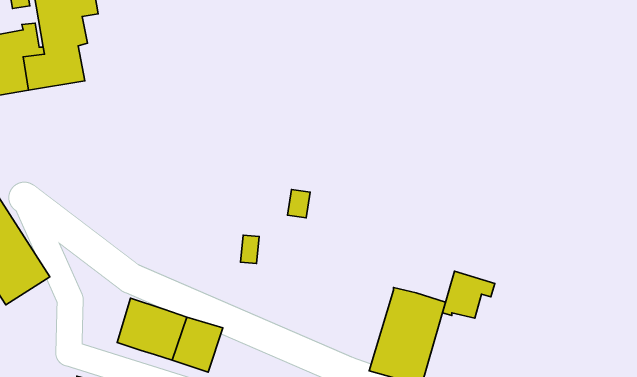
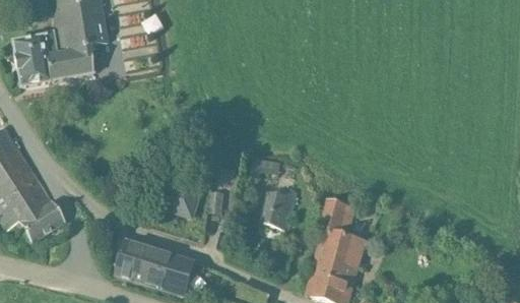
building: none -> [165,179,201,217]
building: none -> [263,185,299,230]
building: [443,271,495,318] -> [317,199,356,235]

